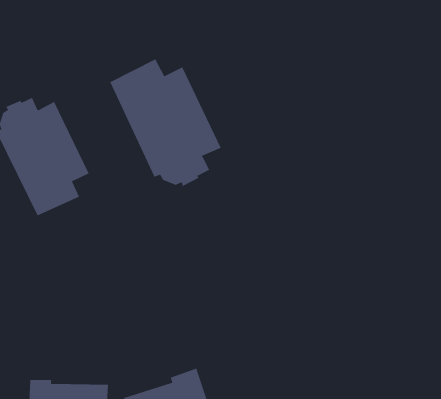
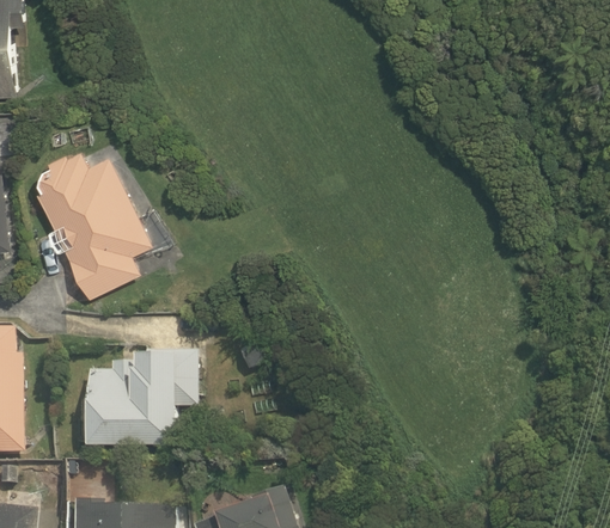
building: [109,59,222,187] -> none
building: none -> [84,351,195,447]

